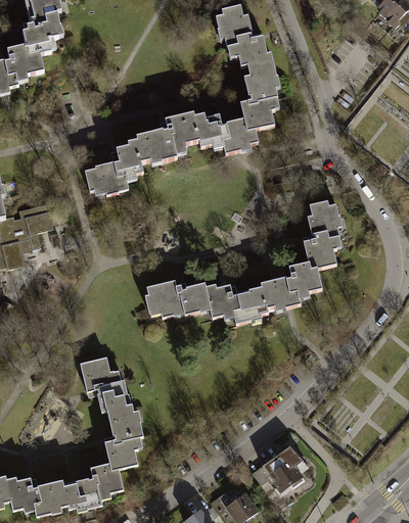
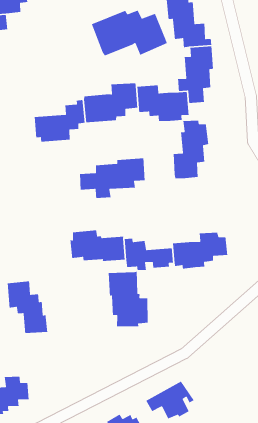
building: none -> [91,9,168,56]
building: none -> [79,157,146,199]
building: [304,202,344,273] -> [173,120,209,179]
building: none -> [108,271,148,327]
building: [101,406,141,467] -> none

